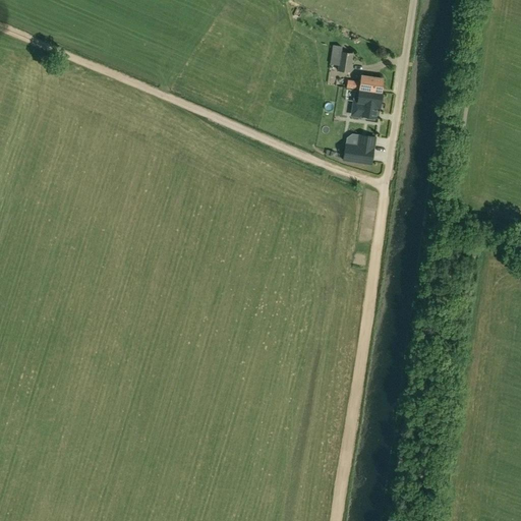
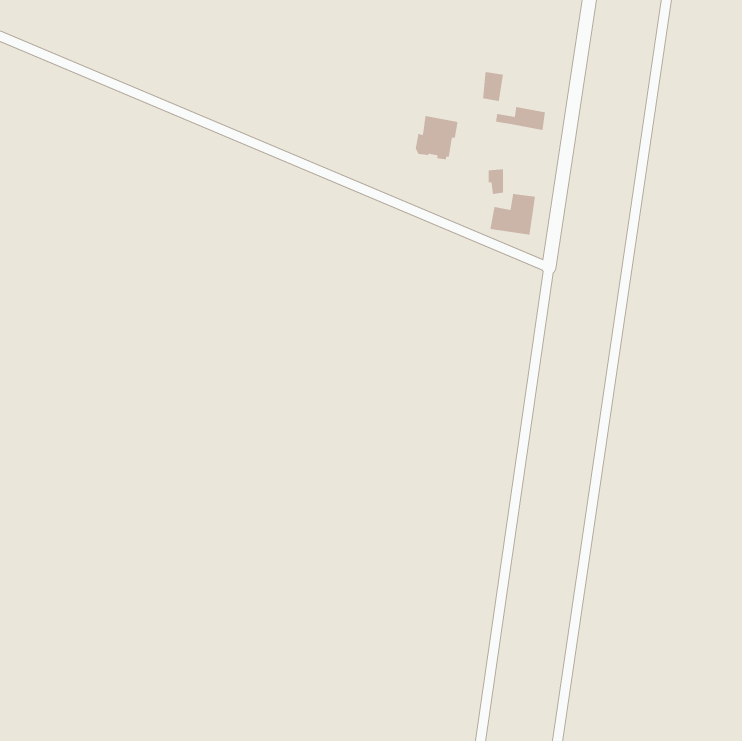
building: [351,88,382,119] -> [415,115,458,160]

